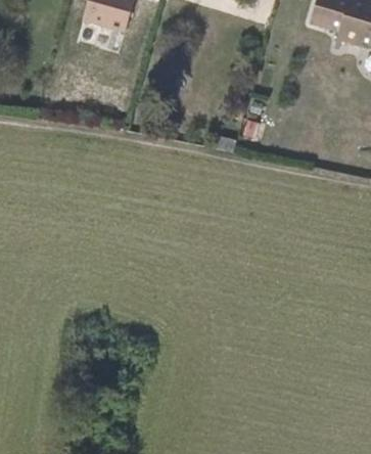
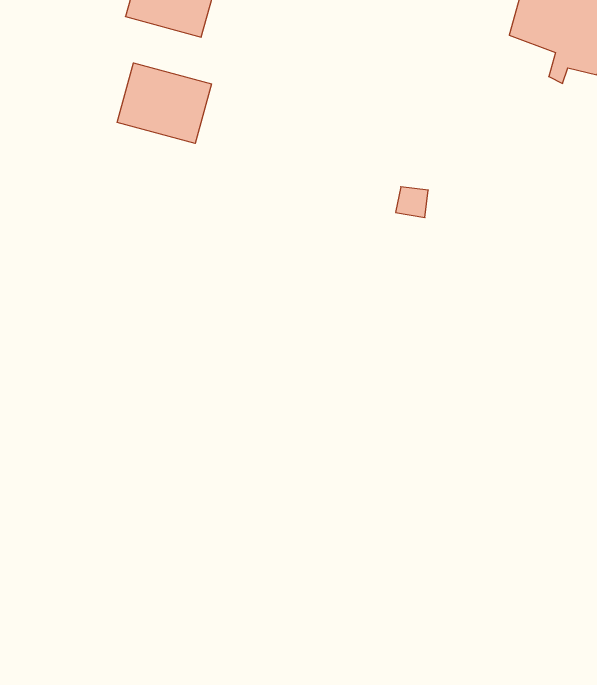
building: none -> [117,63,211,143]

